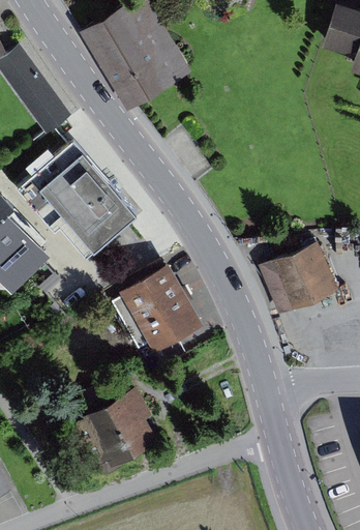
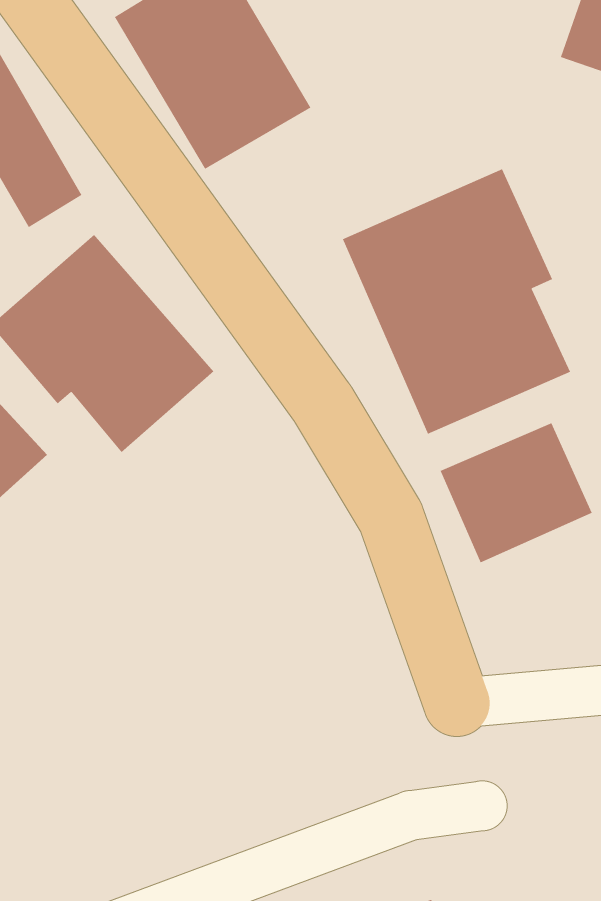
building: none -> [342,168,571,435]
building: [121,264,205,353] -> none
building: [64,388,159,479] -> none

